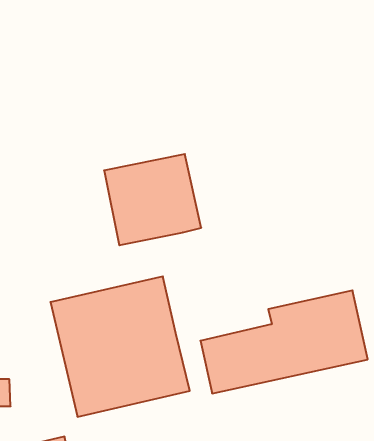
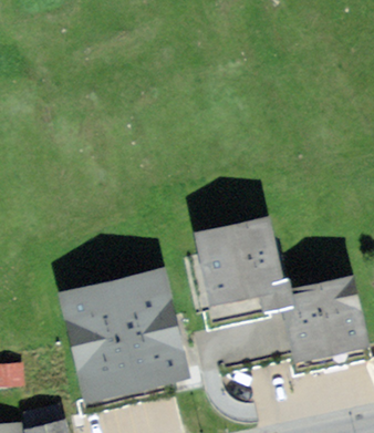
building: [104,154,201,245] -> [186,221,278,308]

